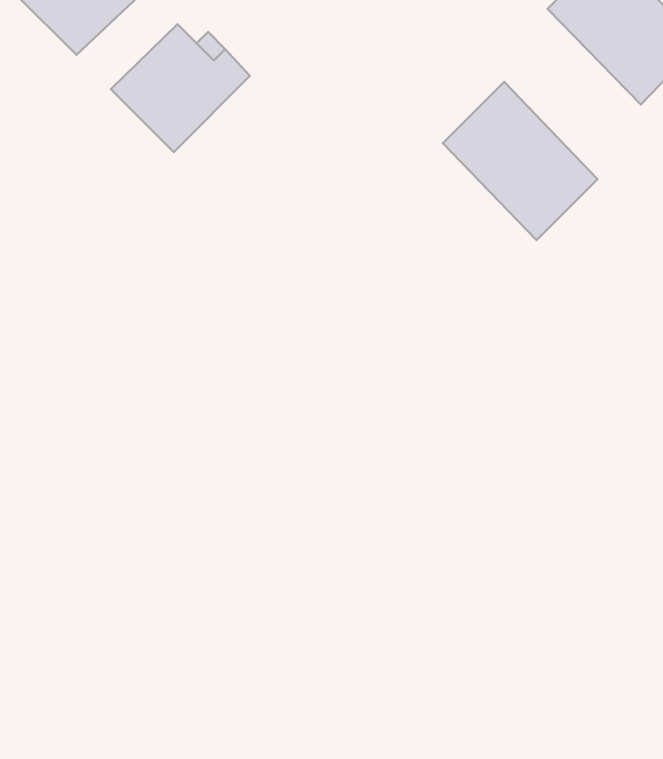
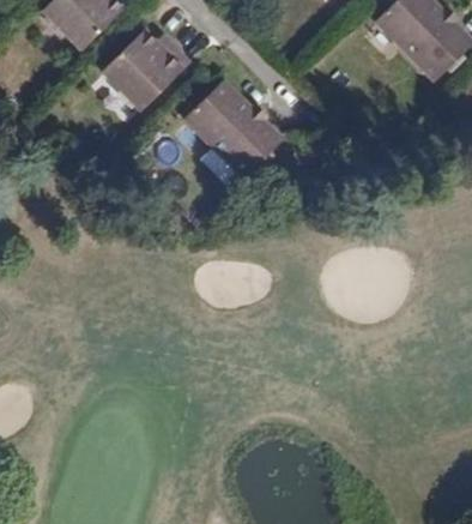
building: [443,82,597,240] -> [186,79,283,179]

